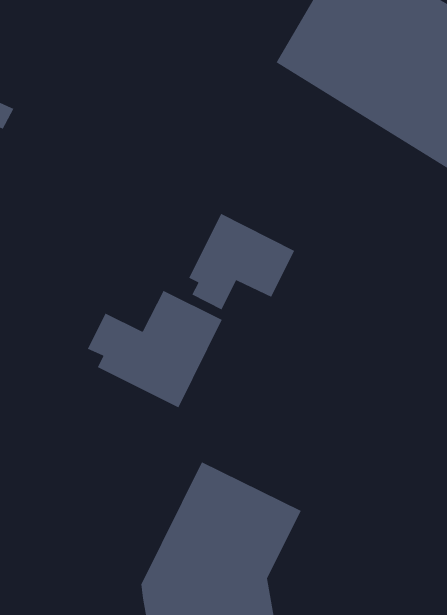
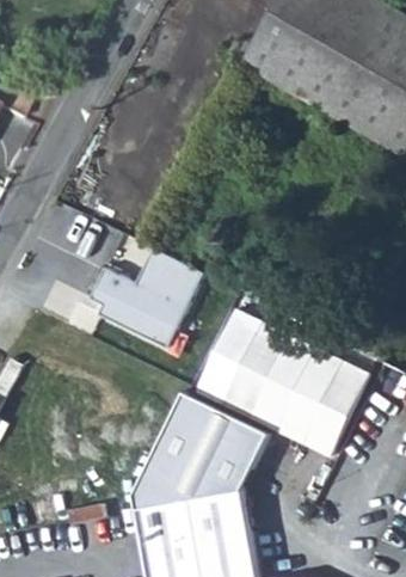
building: [188,213,295,310] -> none
building: none -> [197,311,370,456]

